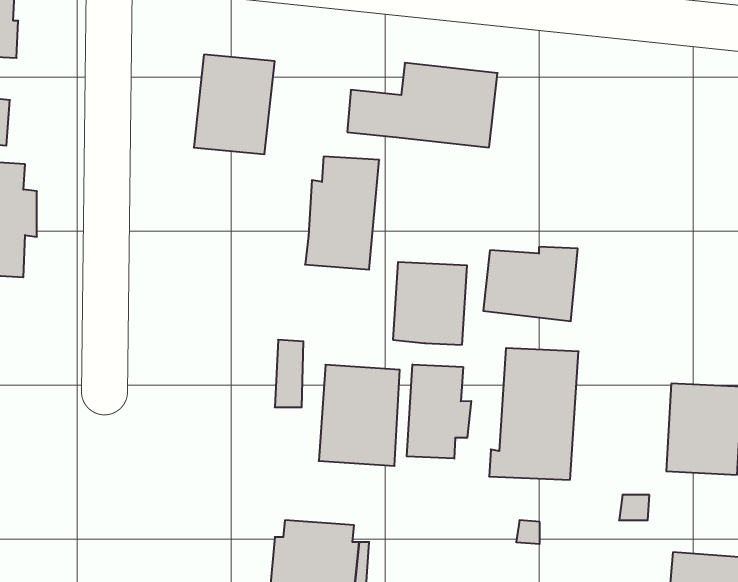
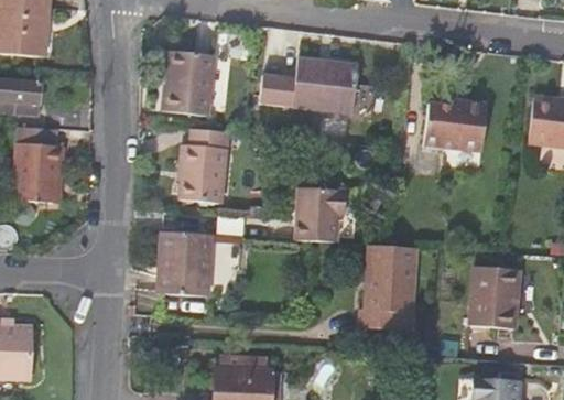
building: [305,157,379,270] -> [181,131,229,205]
building: [483,247,578,321] -> [424,101,486,150]
building: [407,364,471,459] -> none
building: [319,365,400,466] -> [156,230,209,296]

